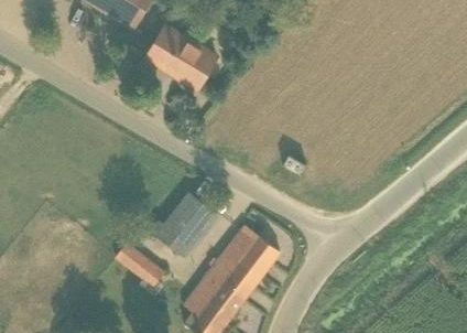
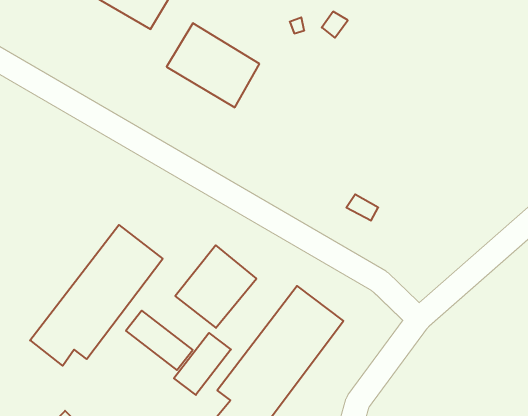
building: none -> [30,225,163,366]
building: none -> [174,333,231,395]

